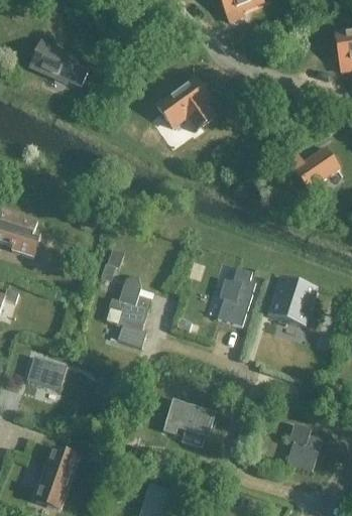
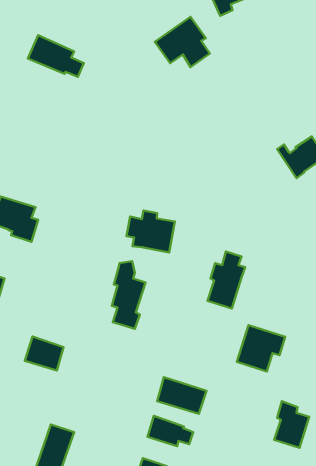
building: [156,79,214,131] -> [155,17,210,67]
building: none -> [126,211,175,252]
building: [267,277,318,326] -> [237,325,285,371]
building: none -> [147,416,193,446]

